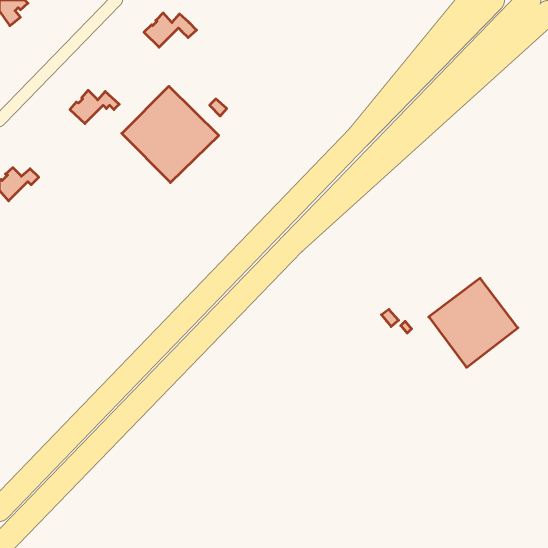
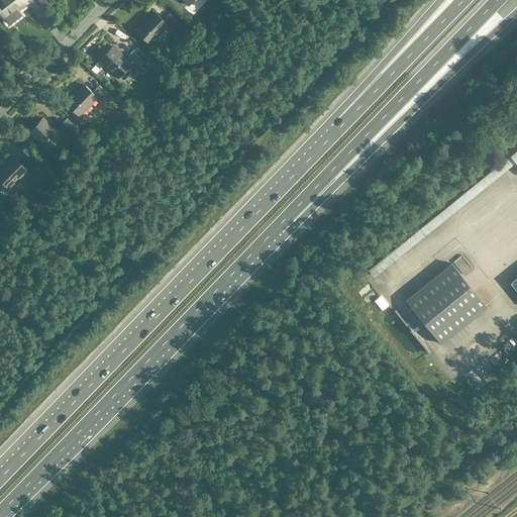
building: none -> [99,47,143,81]
building: [122,86,219,183] -> none
building: none -> [29,120,71,151]

